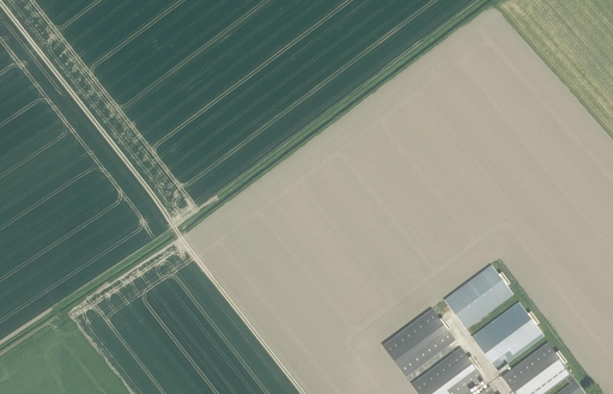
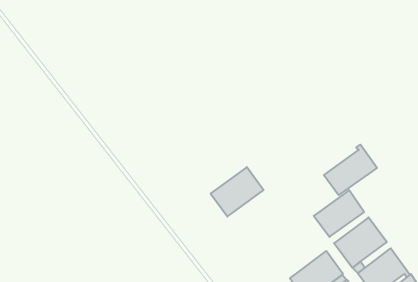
building: none -> [324,145,377,195]
building: [382,308,454,375] -> [211,167,264,217]

